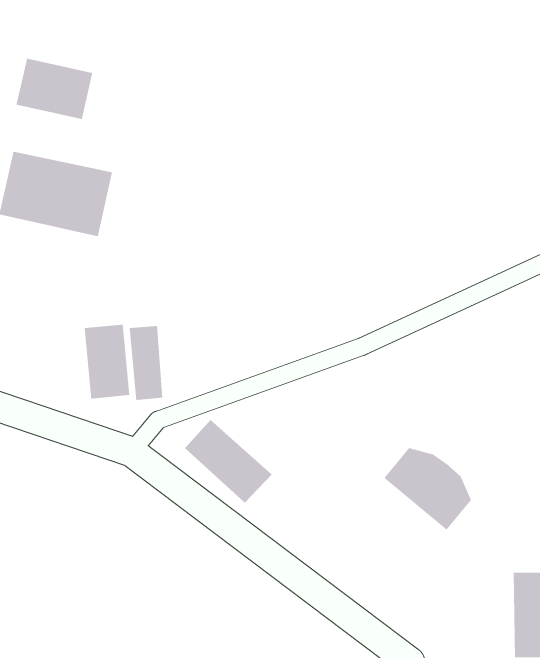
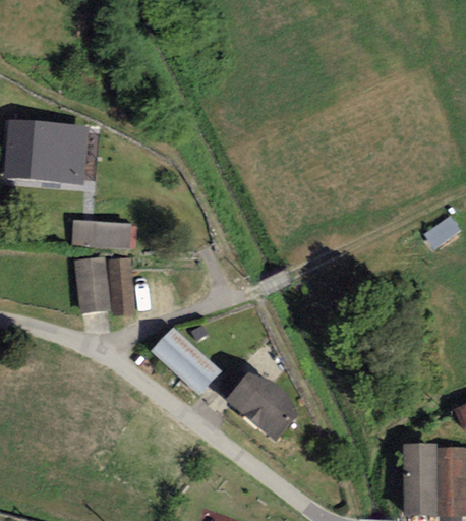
building: [16,58,93,120] -> none
building: none -> [70,219,131,247]
building: [384,447,472,531] -> [228,378,296,442]

